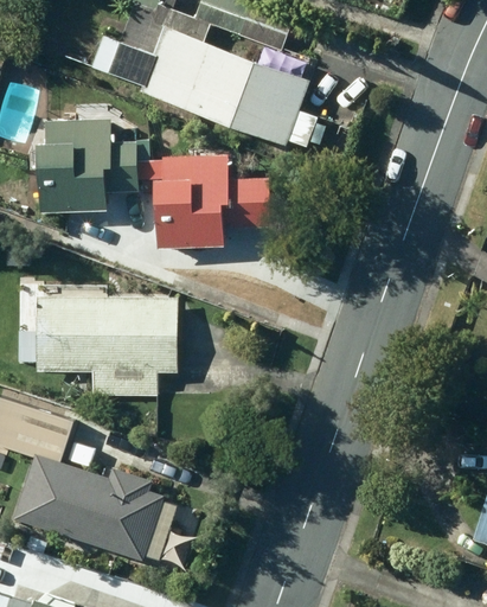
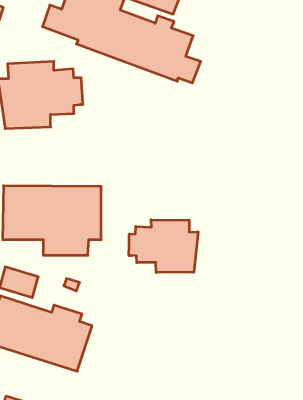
building: [148,154,269,251] -> none
building: none -> [129,220,198,273]

